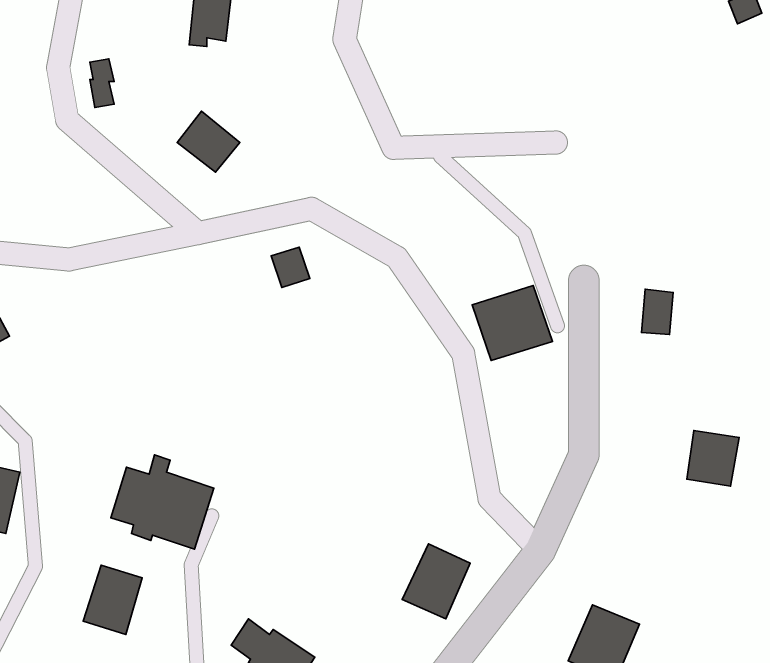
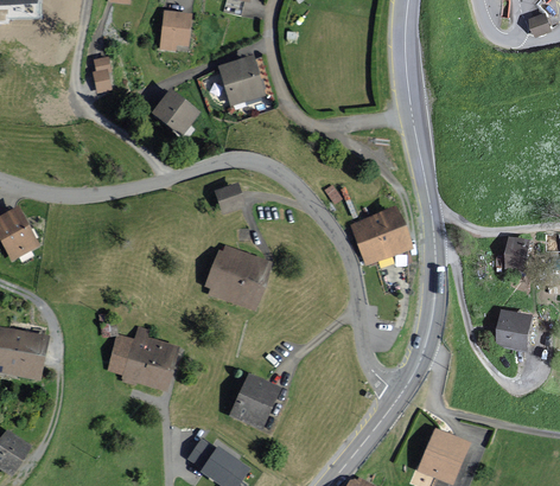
building: none -> [221,60,262,104]
building: [642,289,673,334] -> [509,237,530,268]
building: none -> [206,248,269,311]
building: [402,544,470,619] -> [231,377,278,428]
building: [83,565,142,634] -> none

